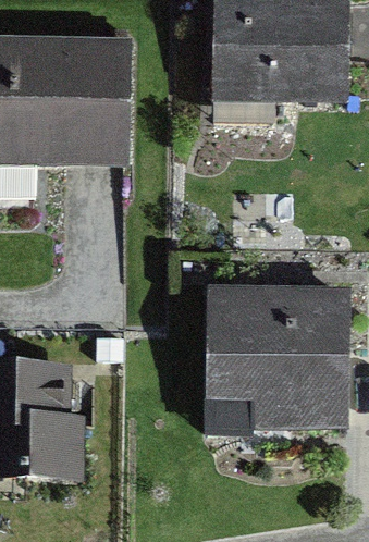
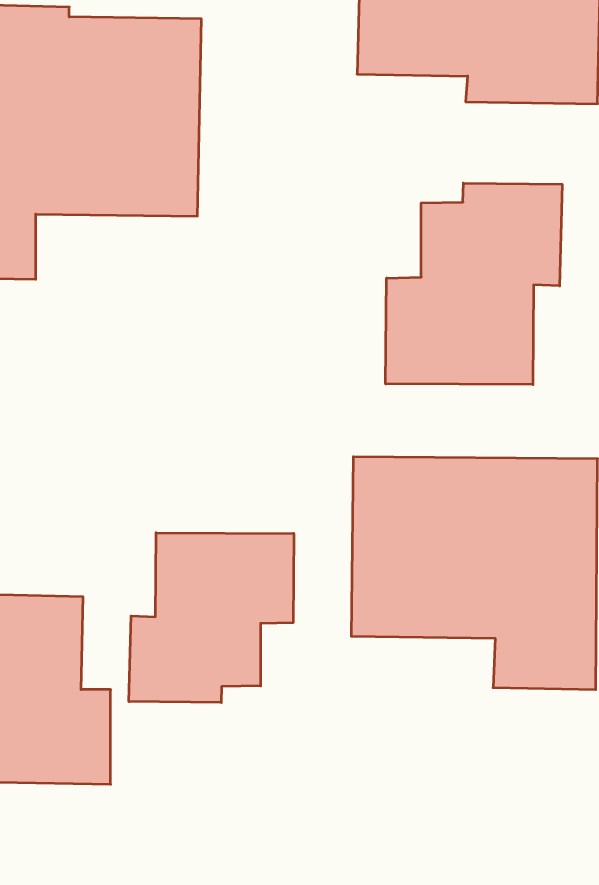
building: none -> [386,183,562,385]
building: none -> [129,533,294,703]

